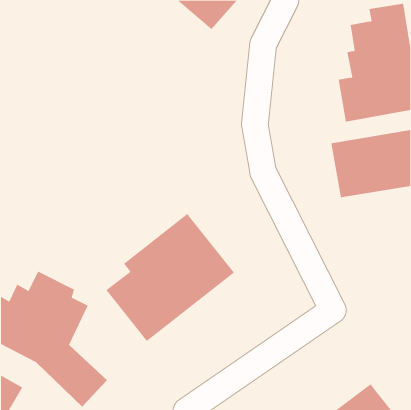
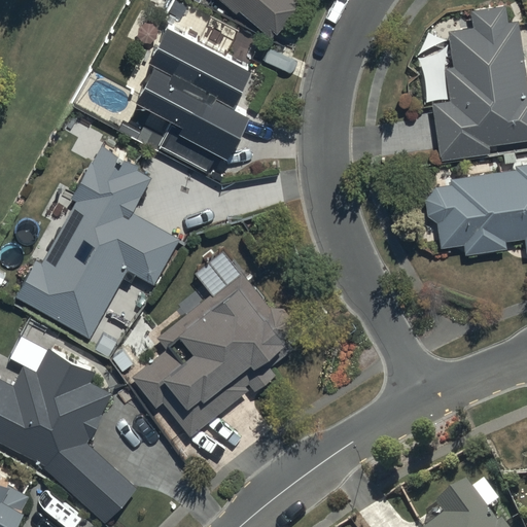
building: none -> [129,27,250,175]
building: none -> [15,145,181,339]

